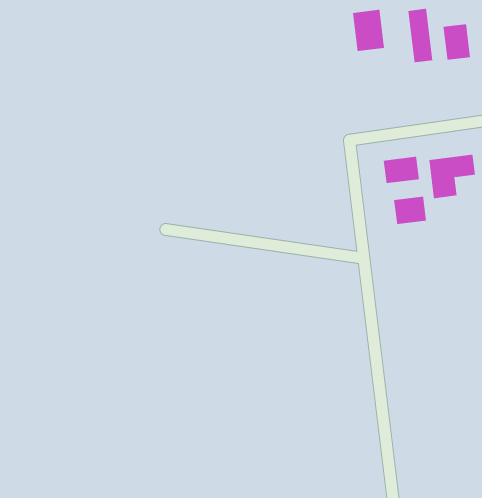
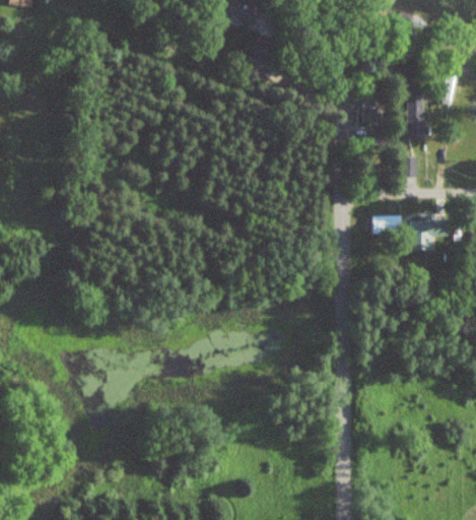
building: [443,23,471,61] -> none
building: [394,196,427,225] -> none

